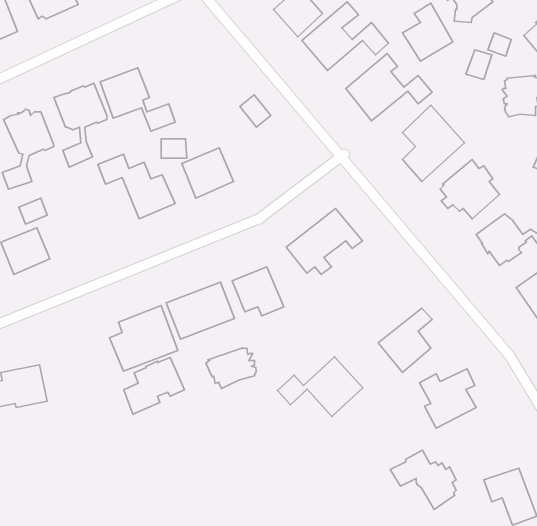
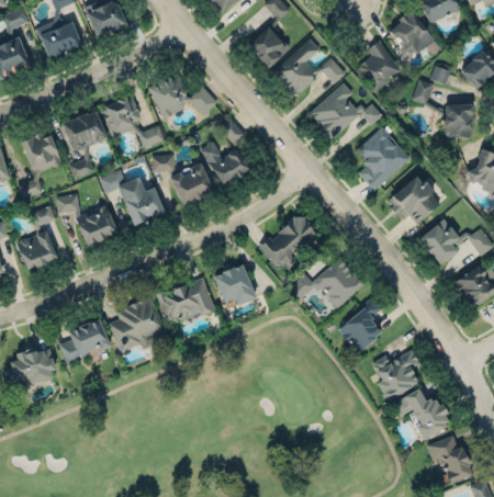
building: none -> [147,75,217,118]
building: none -> [201,143,250,187]
building: none -> [55,193,117,246]
building: [206,348,256,389] -> none
building: [278,357,363,416] -> [291,259,363,309]
building: [124,357,185,414] -> [59,317,111,365]
building: [390,450,456,510] -> [392,386,448,437]

